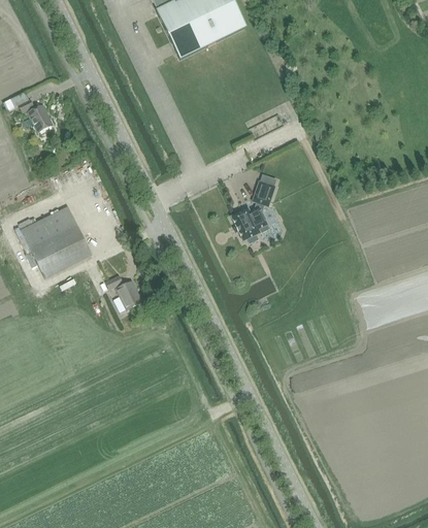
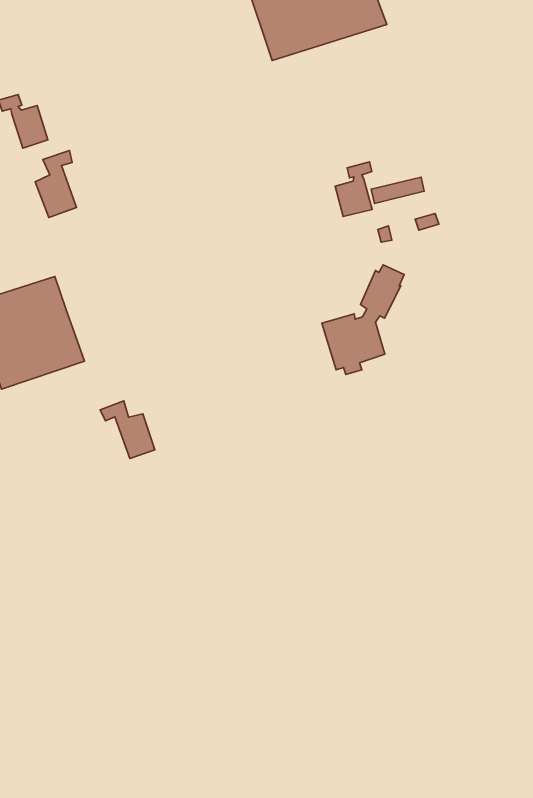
building: none -> [335,162,372,217]
building: none -> [35,150,76,218]

